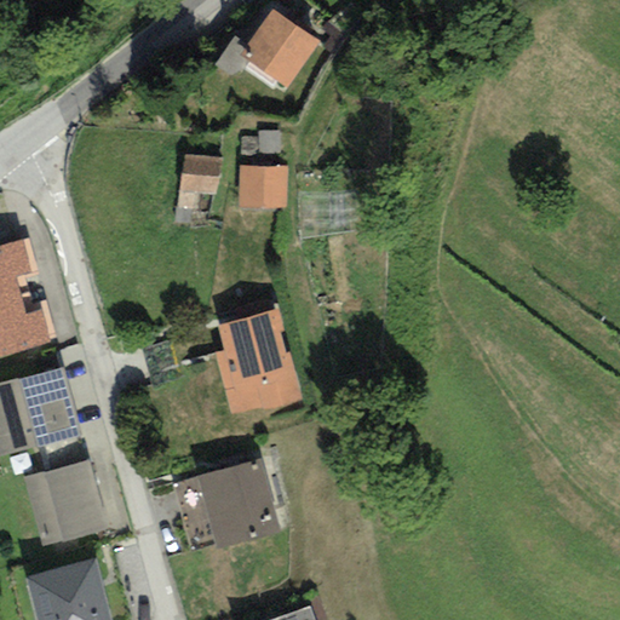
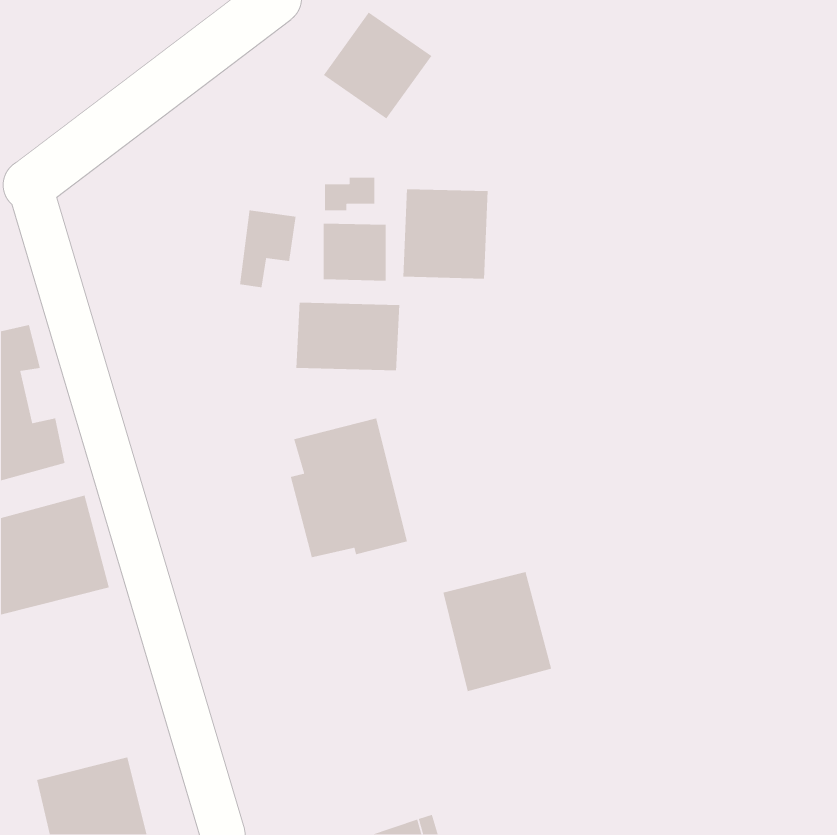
building: none -> [403,188,488,279]
building: none -> [295,302,400,371]
building: [197,459,279,549] -> [443,571,552,692]
building: [27,460,104,542] -> none

